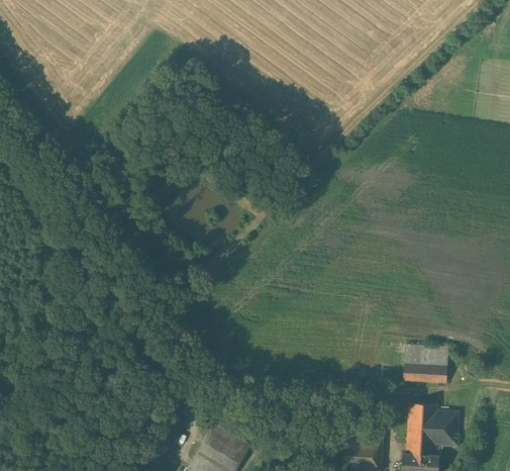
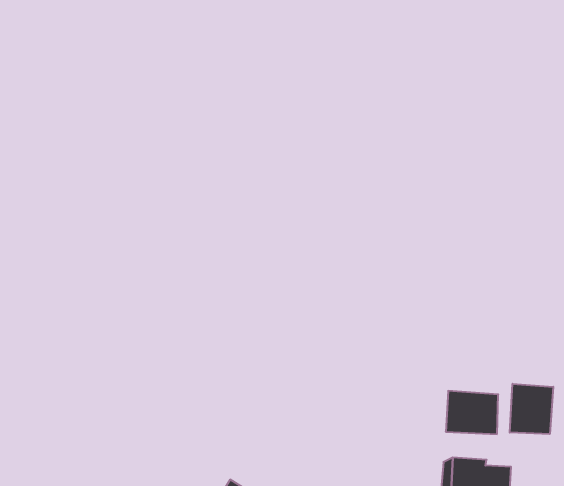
building: none -> [510,384,553,434]

